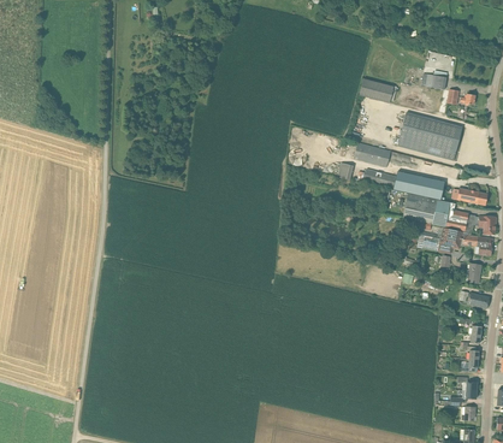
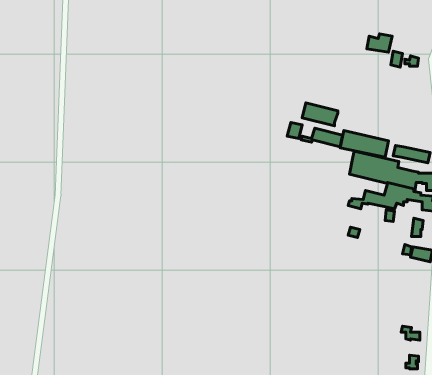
building: [359,77,393,102] -> none
building: [397,112,462,160] -> none

